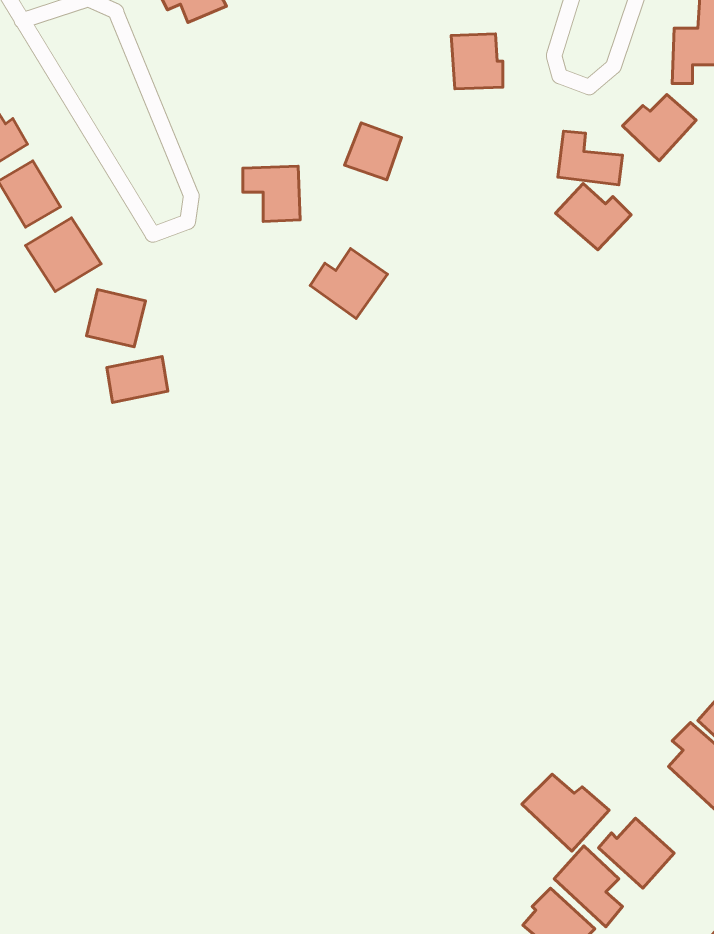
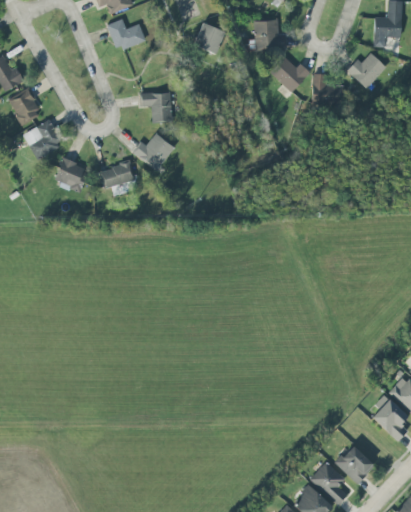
building: none -> [106,19,145,50]
building: [345,123,402,180] -> [194,23,225,54]
building: [556,184,631,250] -> [269,56,310,92]
building: [310,249,387,319] -> [132,133,174,171]
building: [107,356,168,402] -> [101,162,134,187]
building: [522,774,609,851] -> none

